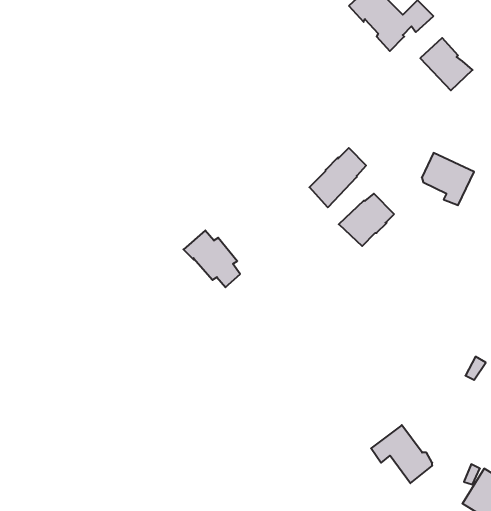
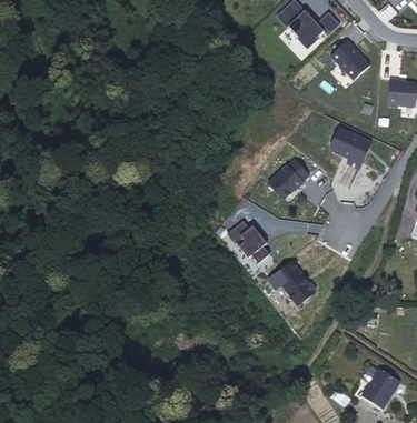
building: [309,148,366,207] -> none
building: [183,230,240,287] -> [227,220,270,263]
building: [371,425,432,483] -> [269,261,316,305]

